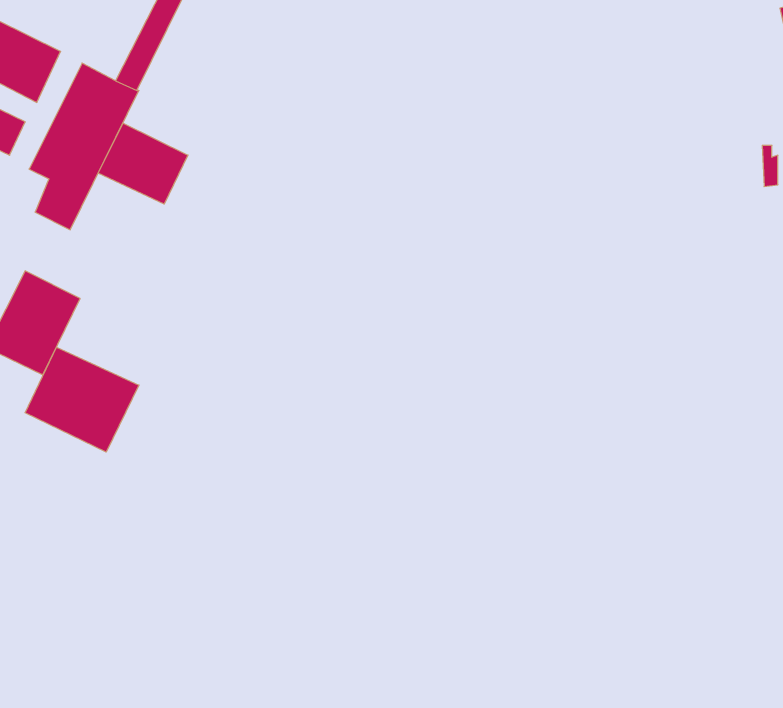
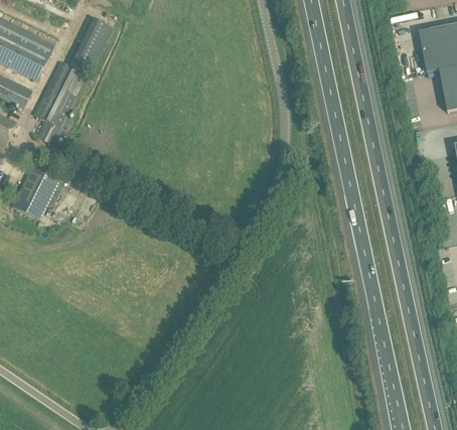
building: [98,123,188,204] -> none
building: [25,347,139,452] -> none

